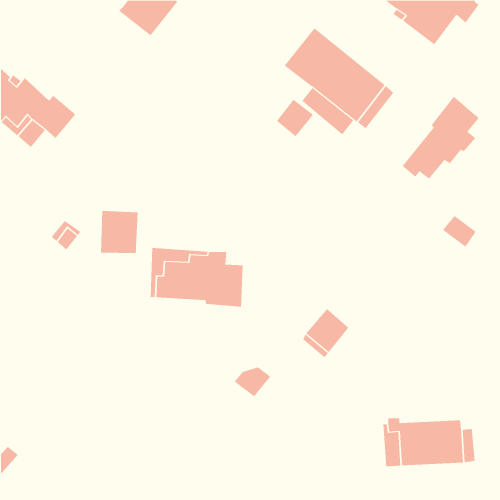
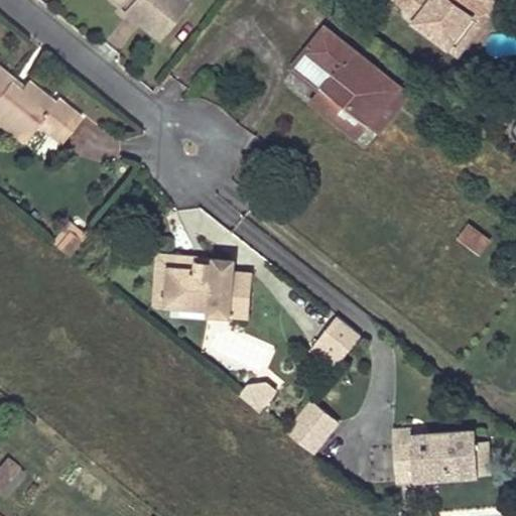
building: [402,96,479,180] -> none
building: [276,99,314,137] -> none
building: [100,210,138,254] -> none
building: none -> [285,400,337,453]

